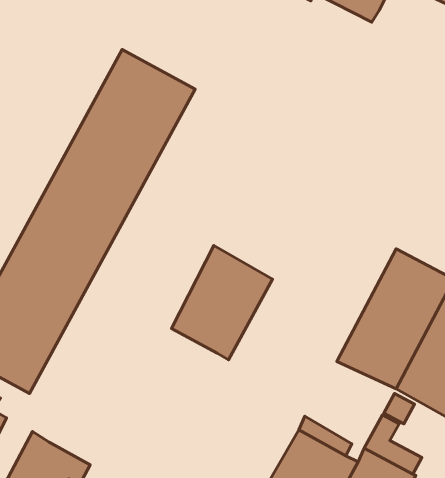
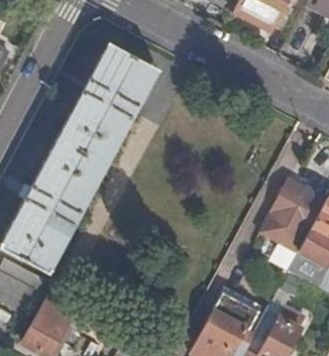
building: [172,246,272,360] -> none

